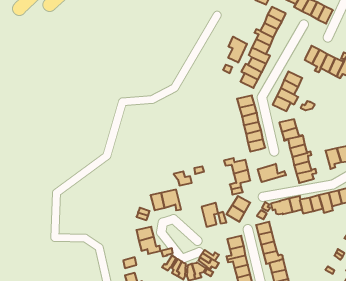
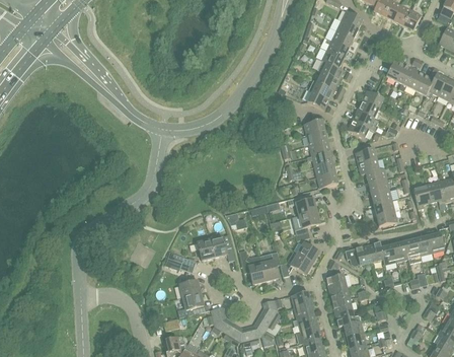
building: [228,37,247,63] -> none
building: [258,164,286,182] -> none
building: none -> [239,249,266,283]

